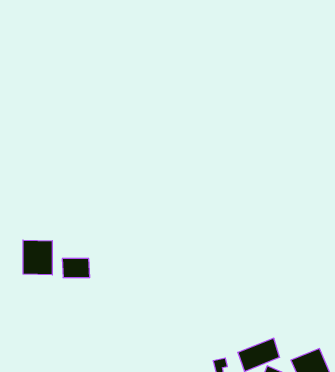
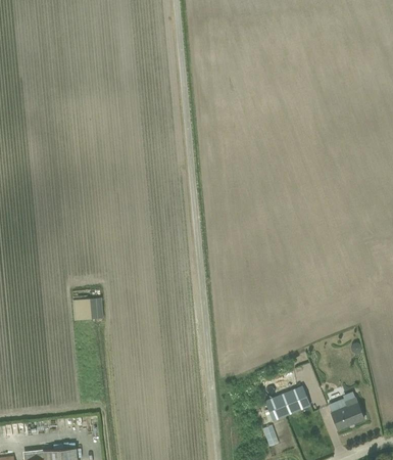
building: [23,240,52,275] -> none

